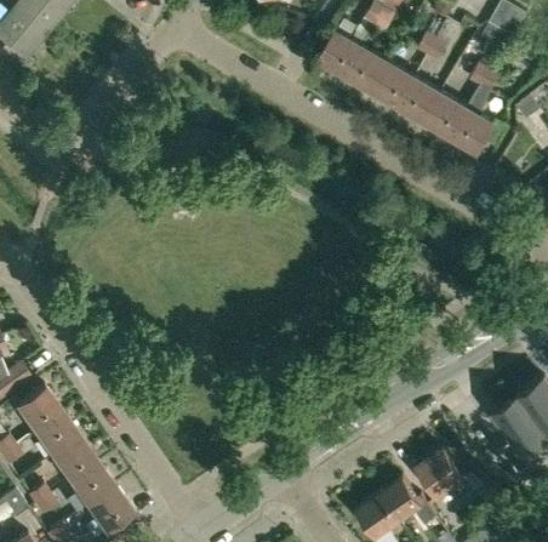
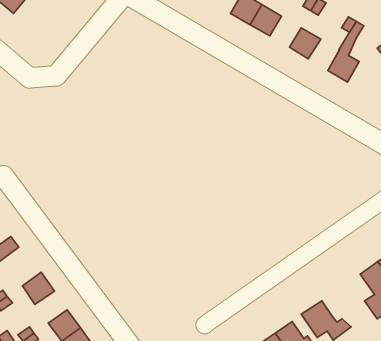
building: [371,62,413,104] -> none
building: [423,93,466,136] -> none
building: [17,384,61,428] -> none
building: [52,435,96,479] -> none

